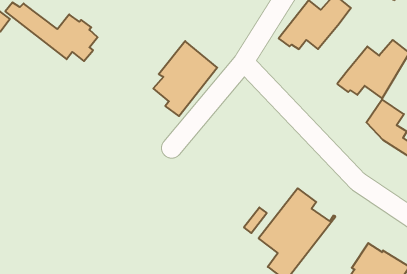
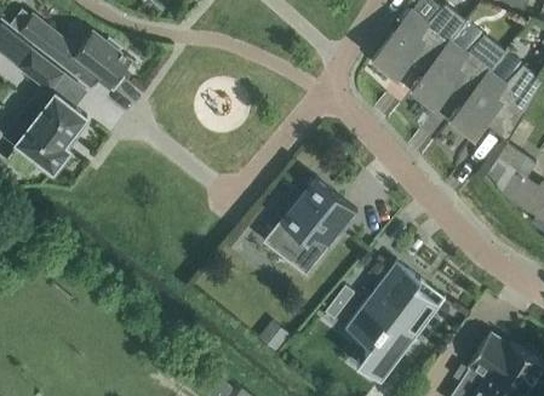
building: none -> [410,34,505,107]
building: none -> [8,50,87,176]
building: [153,41,217,116] -> [273,177,357,276]

